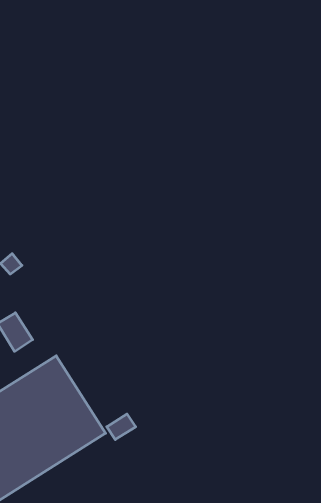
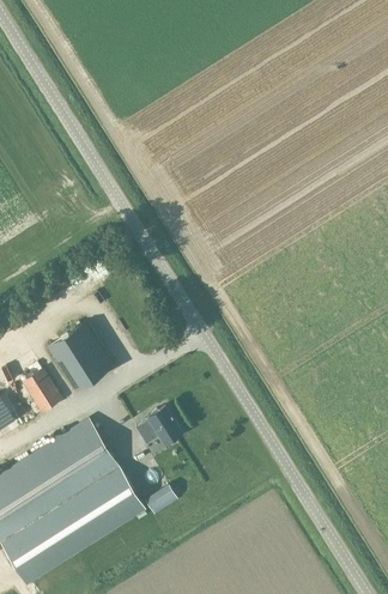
building: none -> [48,325,113,393]
building: none -> [135,407,183,445]

